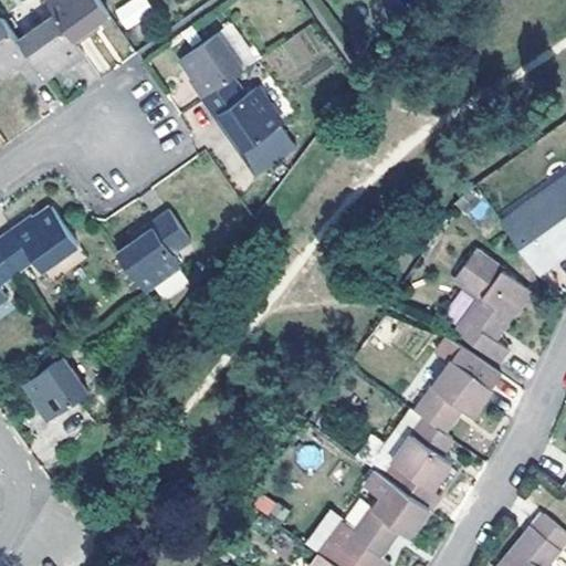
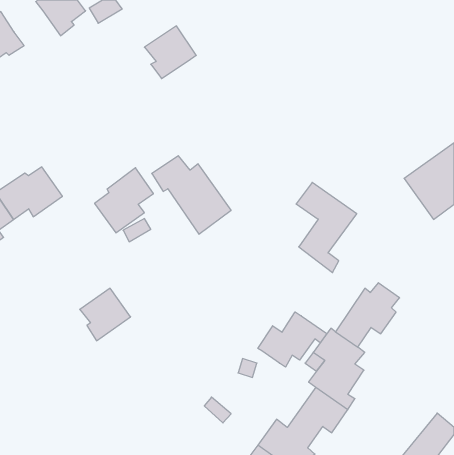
building: [18,14,83,78] -> none
building: [200,76,298,174] -> [152,156,231,234]
building: [453,251,528,363] -> [296,182,357,273]
building: [24,355,87,420] -> [80,288,131,341]
building: none -> [258,312,327,367]

